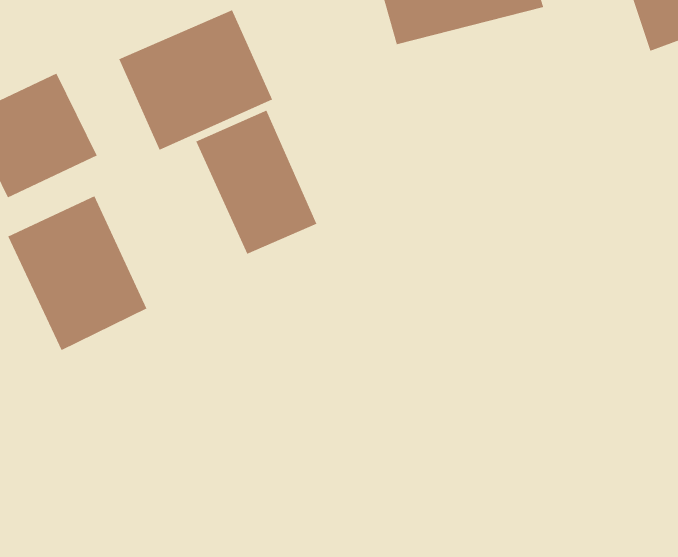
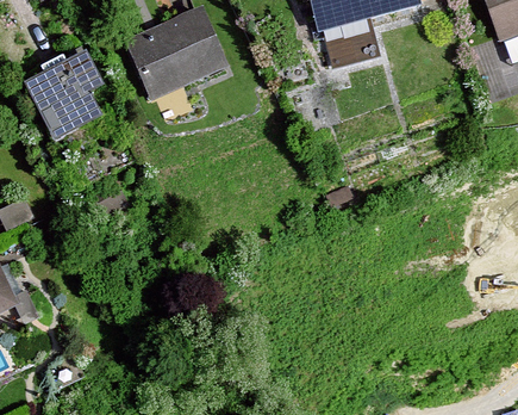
building: [195,109,318,255] -> none
building: [7,195,148,351] -> none

